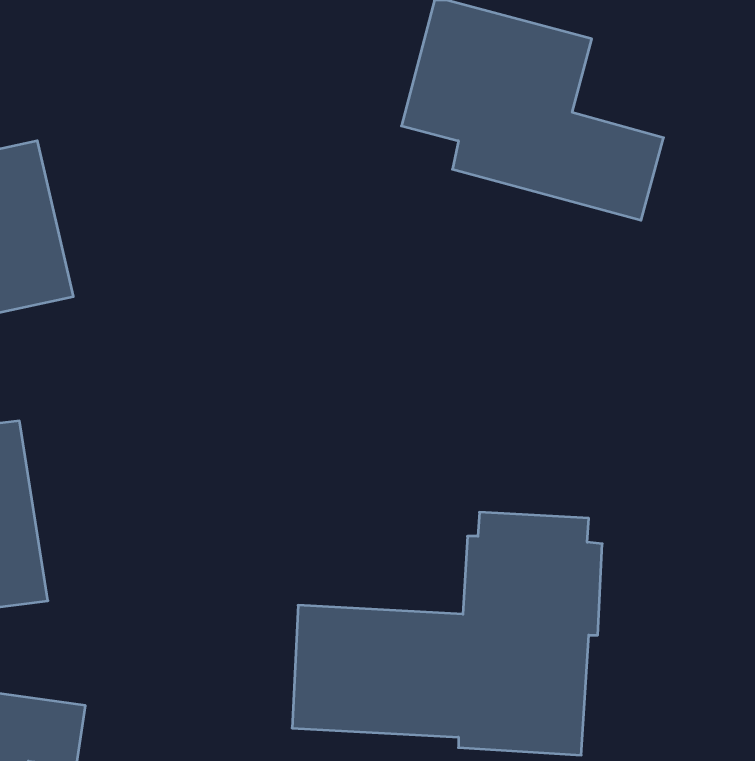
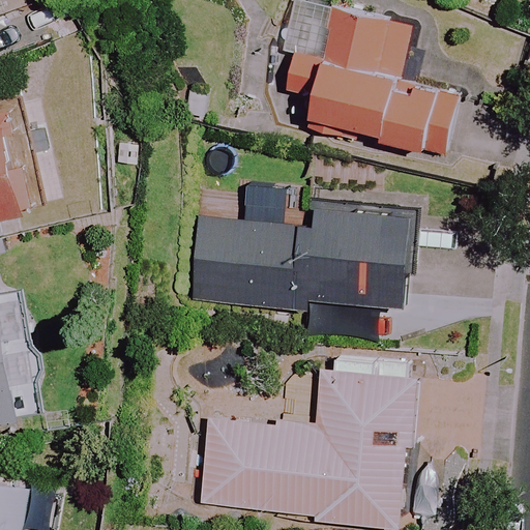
building: none -> [186,201,413,308]

